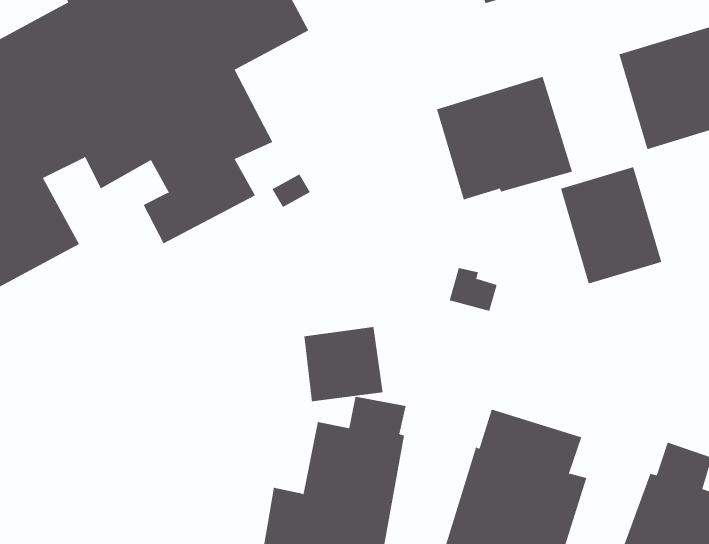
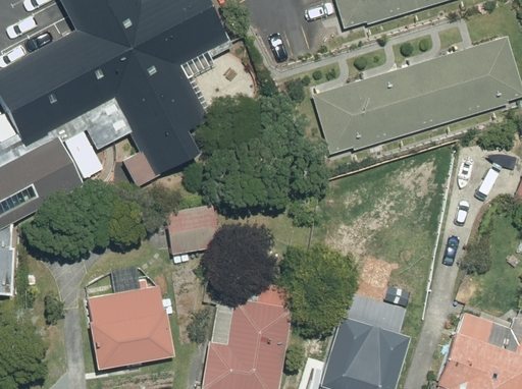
building: [560,167,662,284] -> [383,59,450,135]
building: [303,327,384,402] -> [167,204,219,253]
building: none -> [88,279,173,367]

